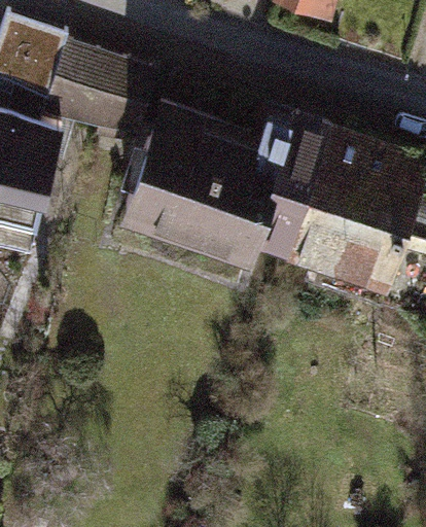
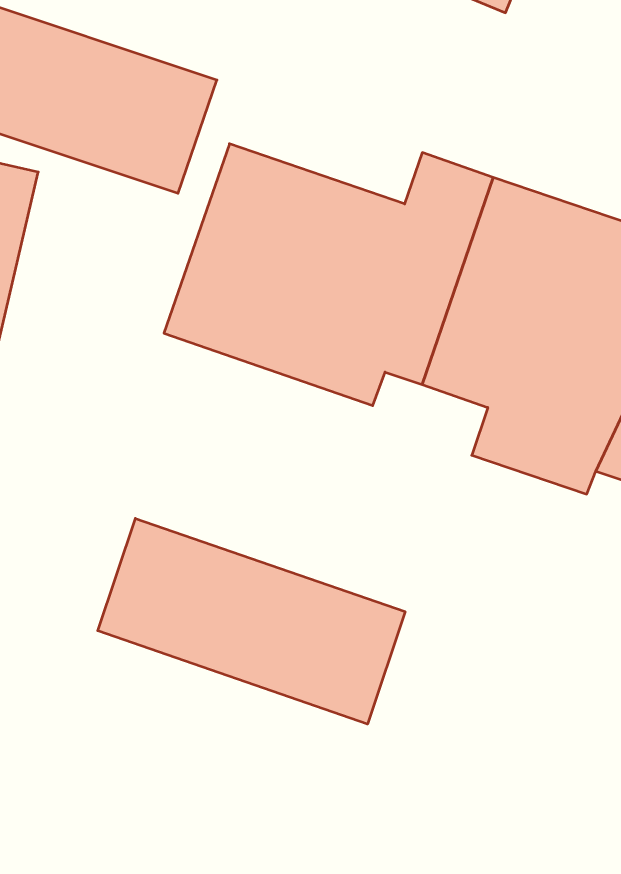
building: none -> [98,518,405,724]

